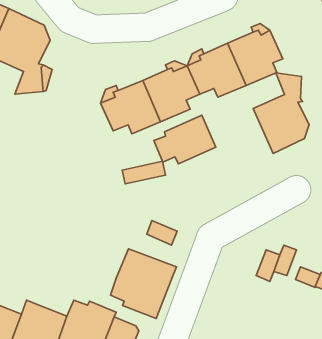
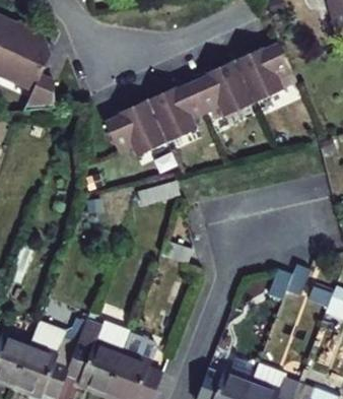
building: [253,73,309,153] -> none
building: [154,115,216,164] -> none
building: [110,249,177,319] -> none

